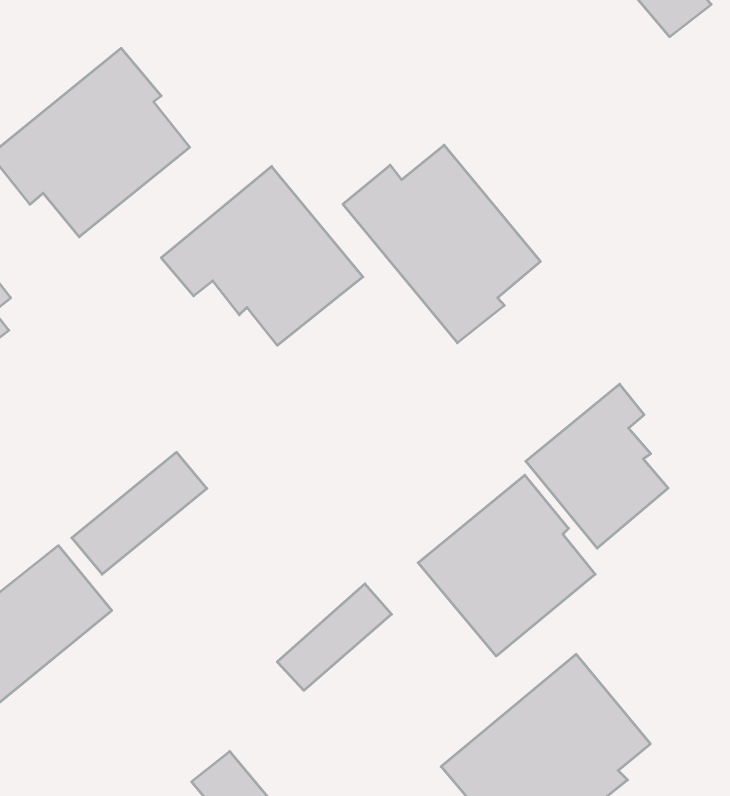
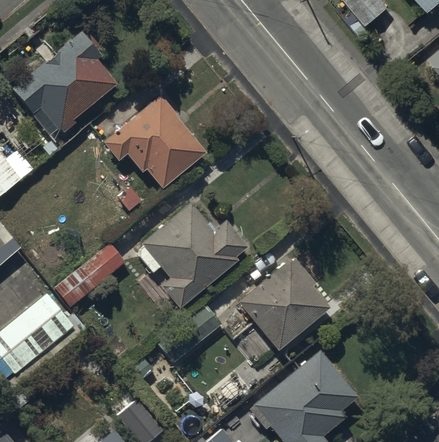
building: [343,145,540,343] -> none
building: none -> [142,204,247,307]
building: [526,384,668,548] -> none

